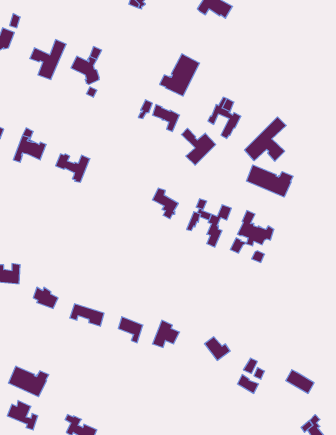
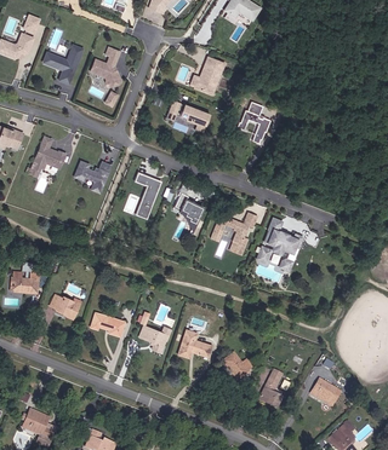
building: [245,117,286,161] -> none
building: [181,128,216,165] -> none
building: [246,165,293,197] -> none
building: none -> [135,173,161,215]
building: [9,366,49,397] -> none

